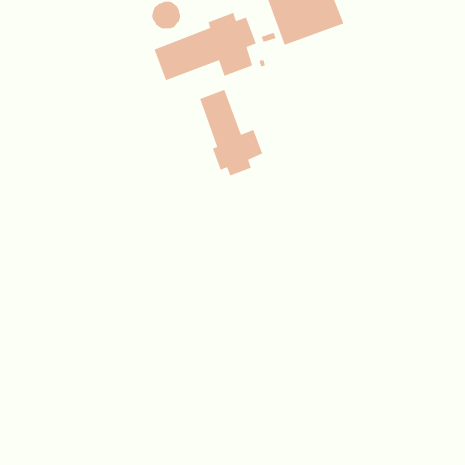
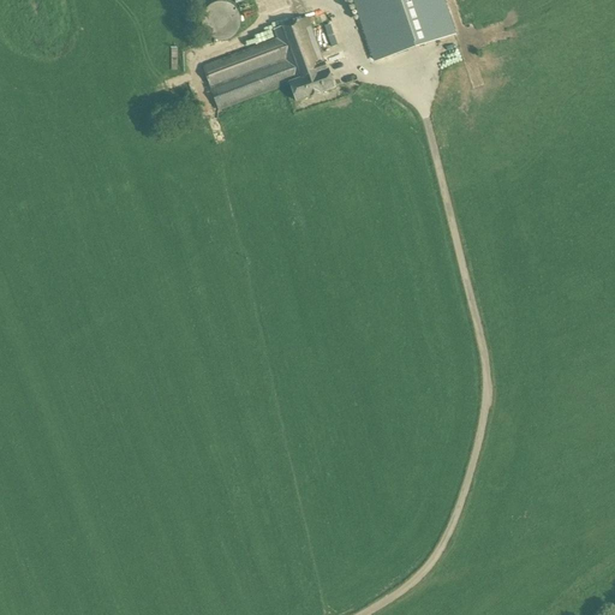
building: [199,89,263,177] -> none

